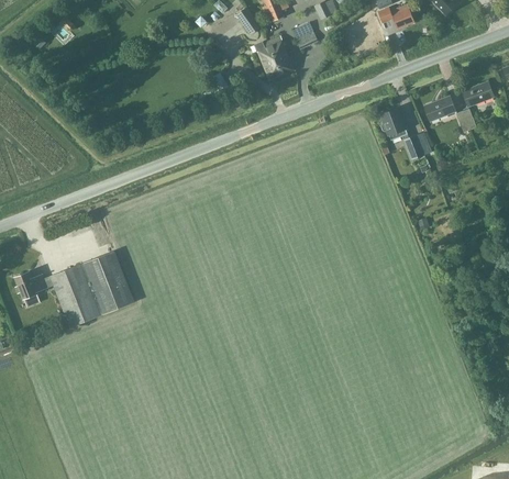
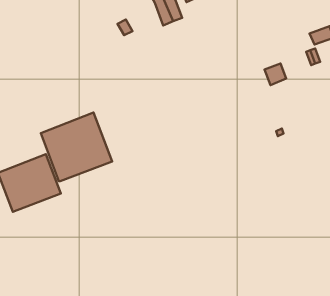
building: [424,96,455,121] -> none
building: [380,107,407,140] -> none
building: none -> [41,113,112,181]

